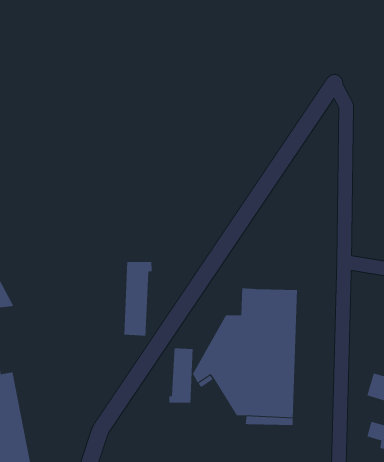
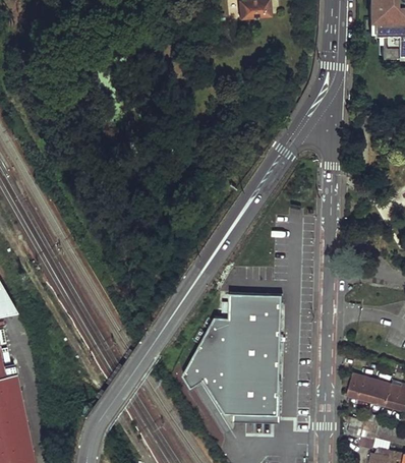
building: [124,261,152,336] -> none
building: [169,348,193,404] -> none

